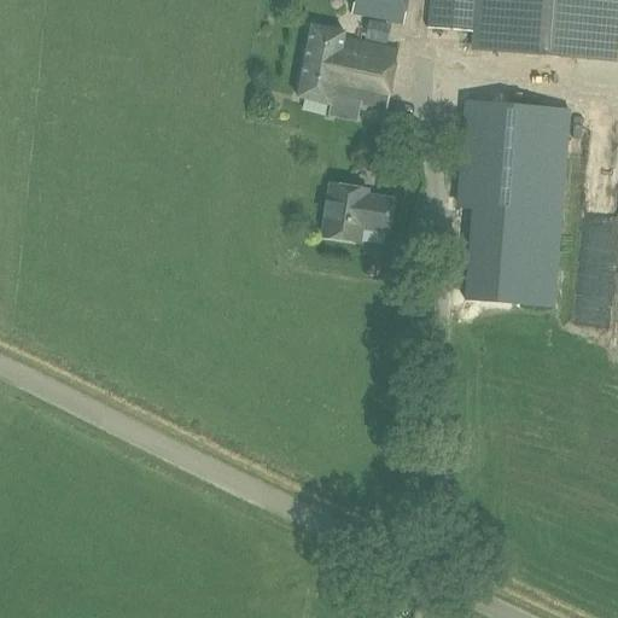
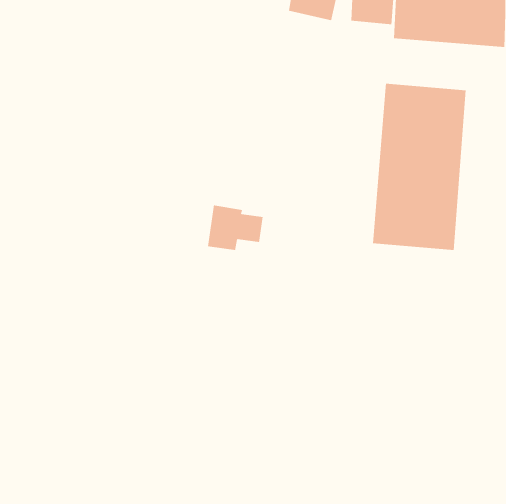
building: [297,25,400,109] -> none
building: [323,183,392,239] -> [207,205,264,250]

